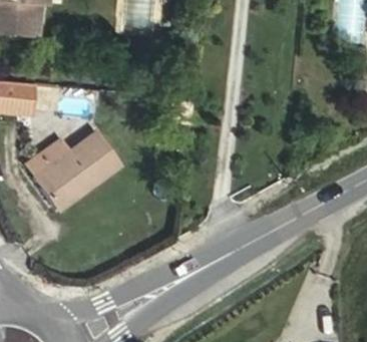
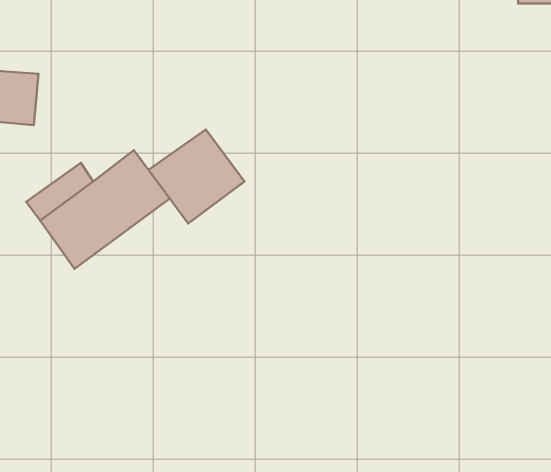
building: none -> [148,129,245,224]

